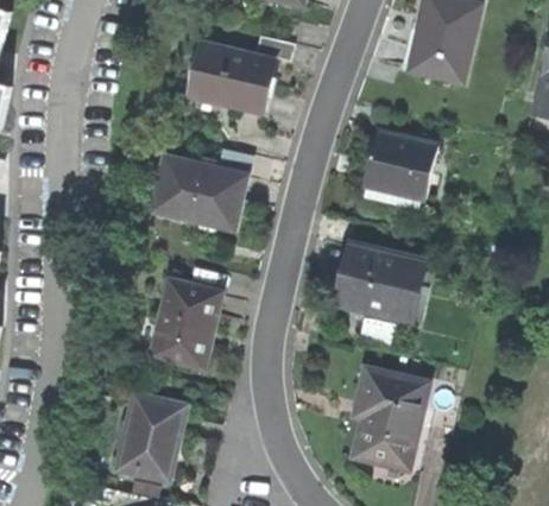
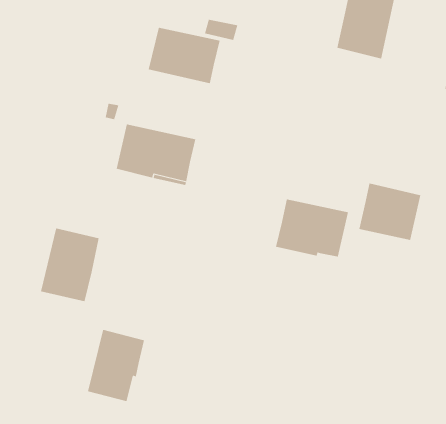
building: [362,132,435,198] -> [359,183,421,240]
building: [151,283,220,368] -> [40,228,100,302]
building: [353,371,427,469] -> none

